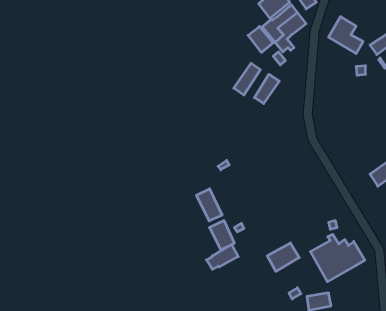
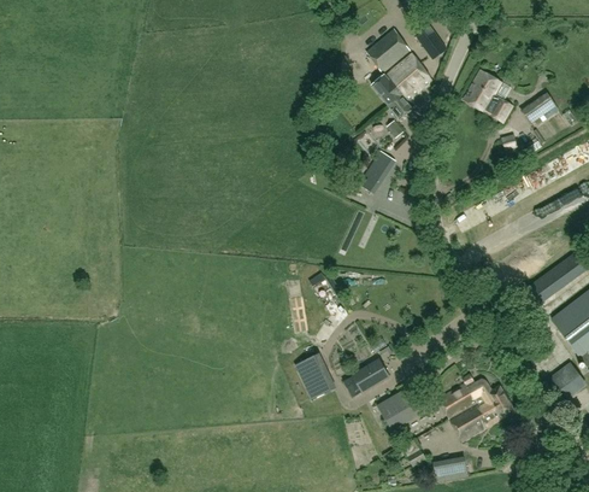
building: [248,26,273,52] -> none
building: [234,63,260,95] -> none
building: [196,189,222,221] -> none
building: [206,245,238,269] -> [344,359,389,394]

